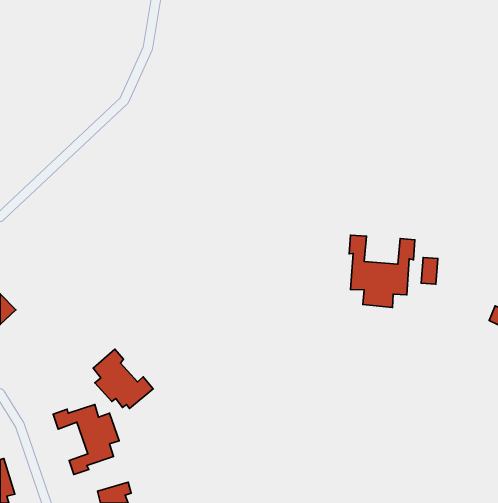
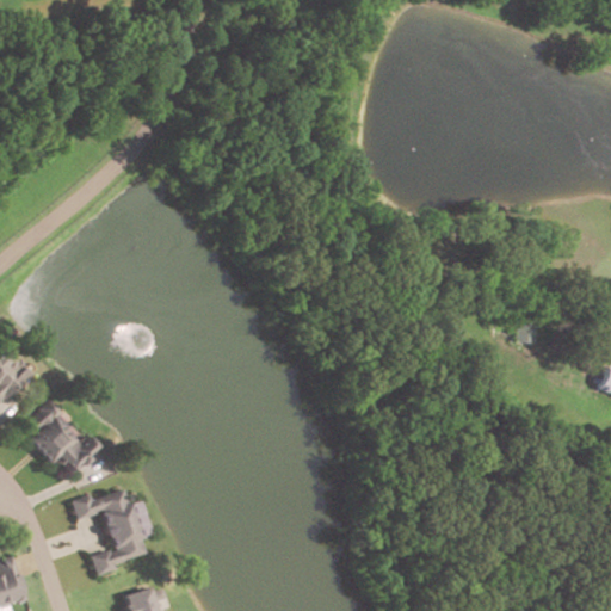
building: [349,235,415,307] -> none
building: [93,349,153,408] -> [24,400,97,471]

